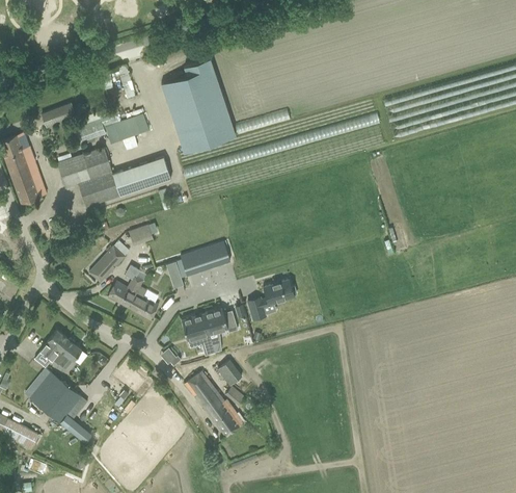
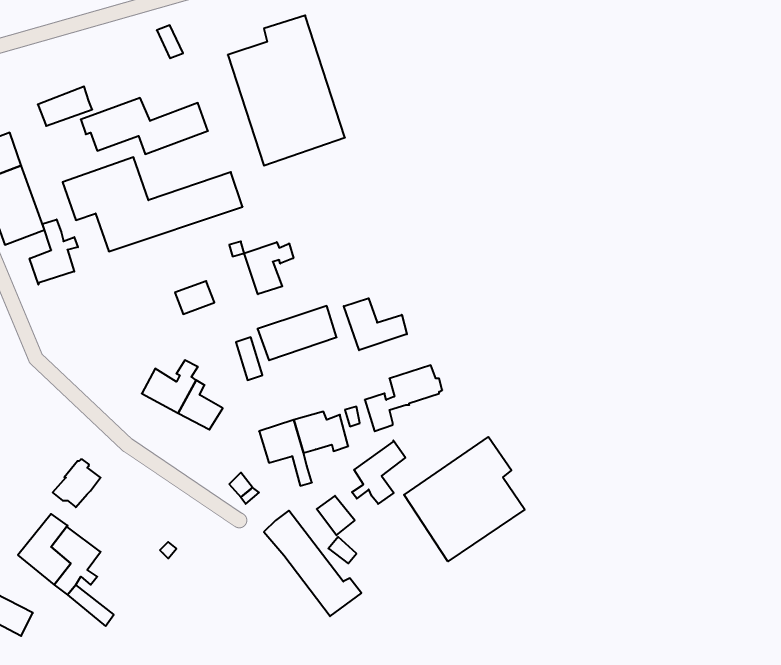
building: none -> [30,219,78,285]
building: none -> [244,242,293,294]
building: none -> [344,298,407,350]
building: [88,245,125,283] -> none
building: none -> [404,437,525,561]
building: none -> [352,440,405,504]
building: [34,330,66,366] -> none

